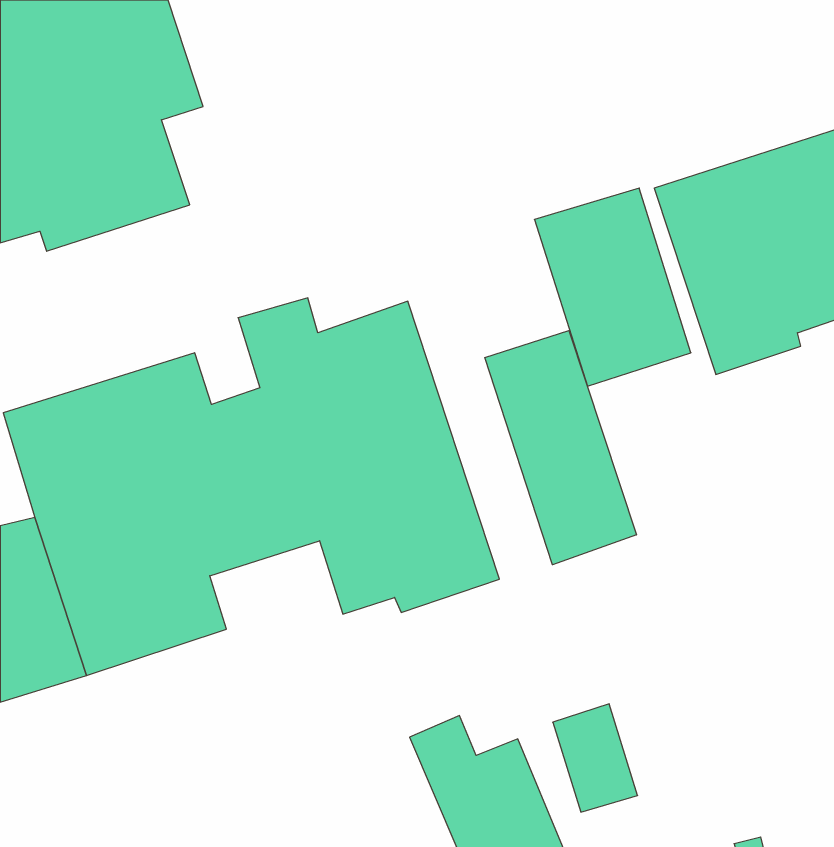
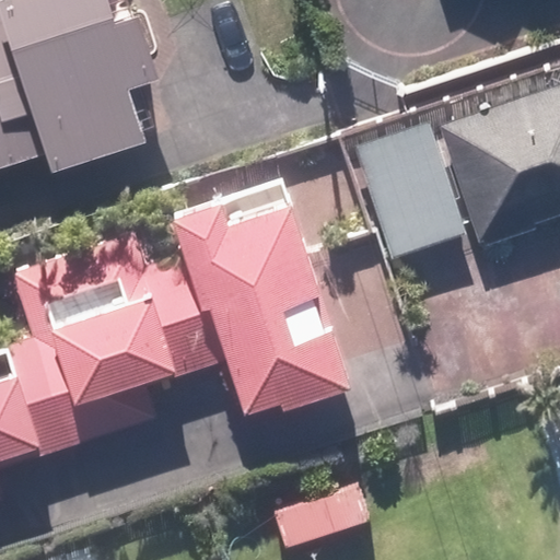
building: [485,331,636,565] -> none

